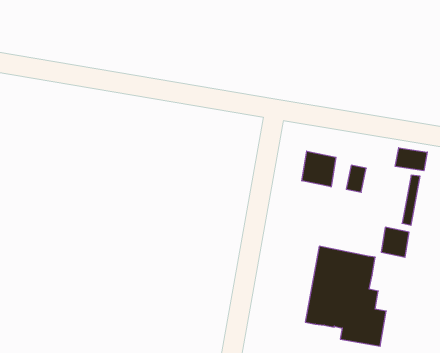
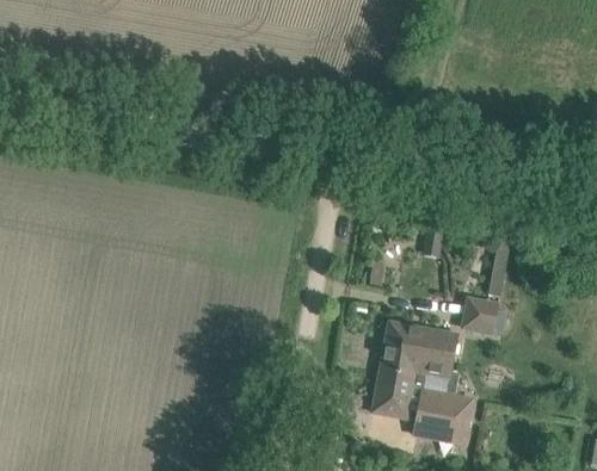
building: [395,148,427,171] -> none
building: [302,151,336,187] -> none

